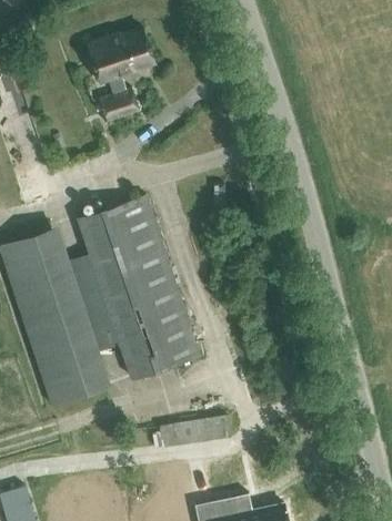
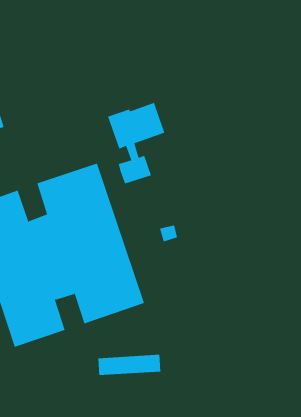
building: [90,30,157,124] -> [107,102,165,184]

